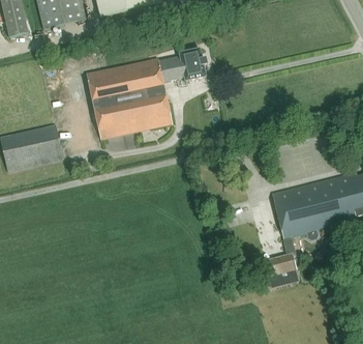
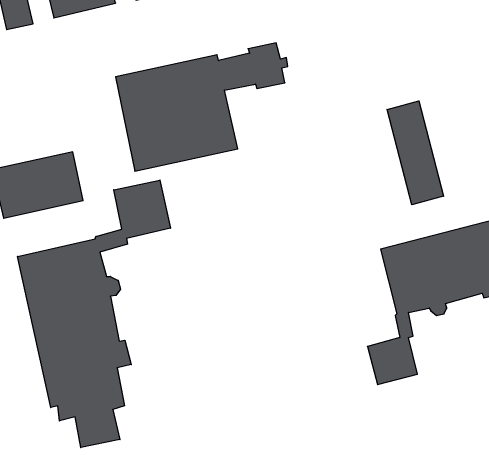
building: none -> [387,101,444,205]
building: none -> [18,180,170,448]

